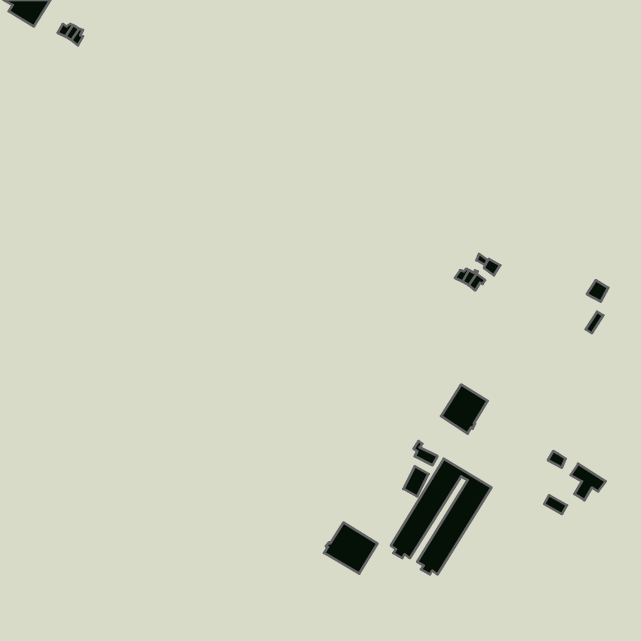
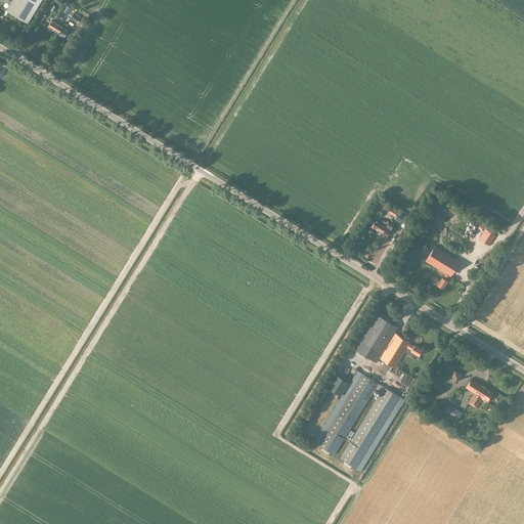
building: none -> [427,247,461,290]
building: none -> [381,334,423,367]
building: [324,523,377,574] -> none

